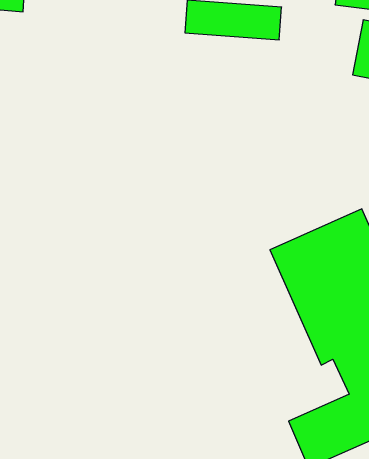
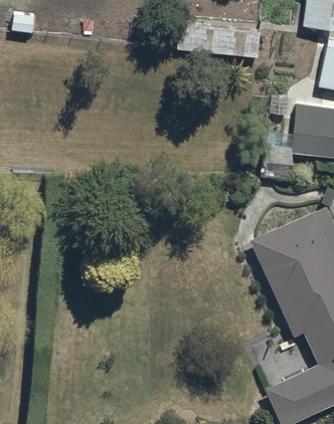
building: none -> [262,104,326,181]

